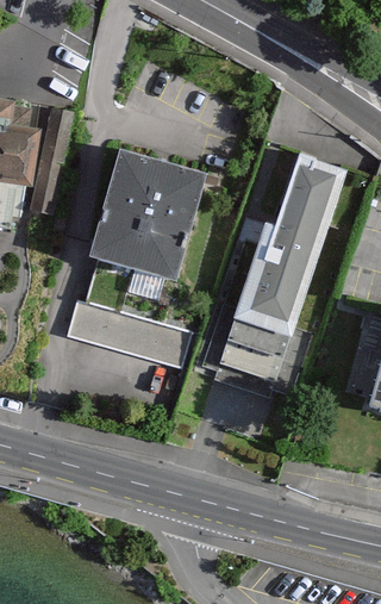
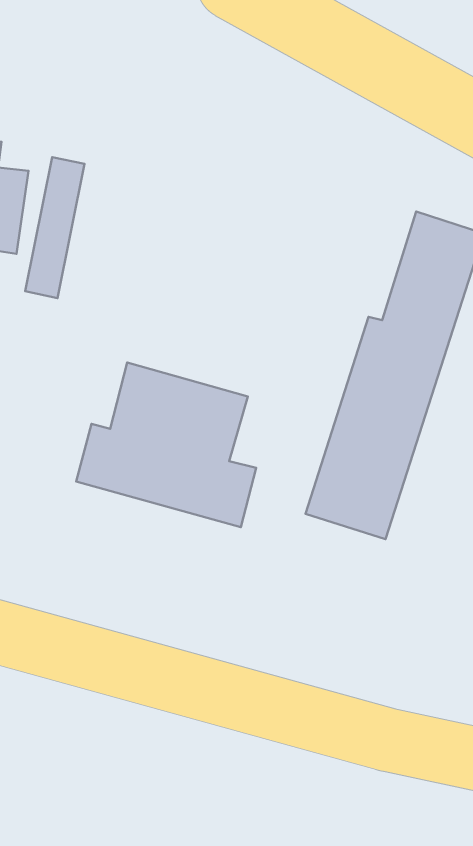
building: [83,145,216,285] -> none

